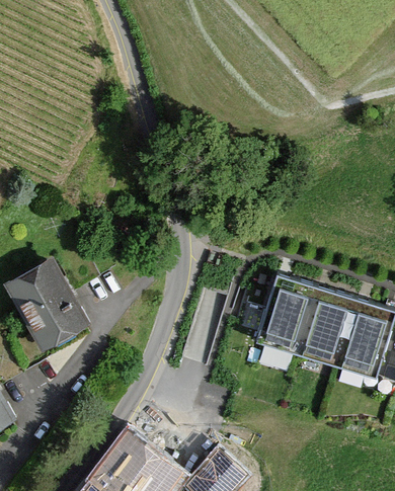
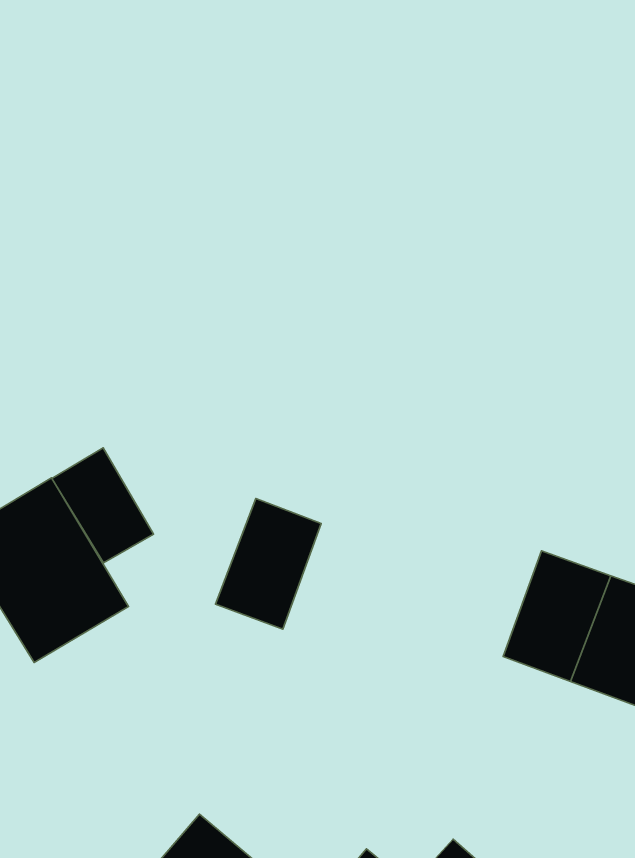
building: none -> [52,448,154,563]
building: [255,280,311,349] -> [216,498,321,629]

